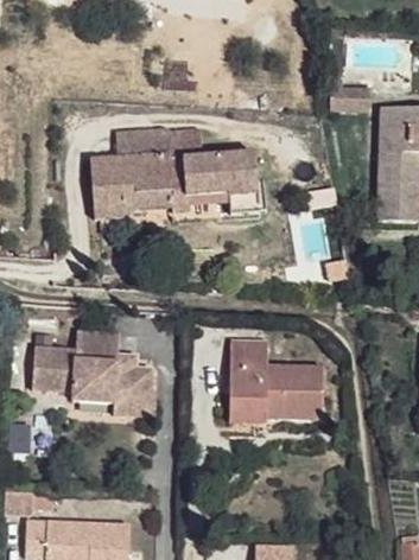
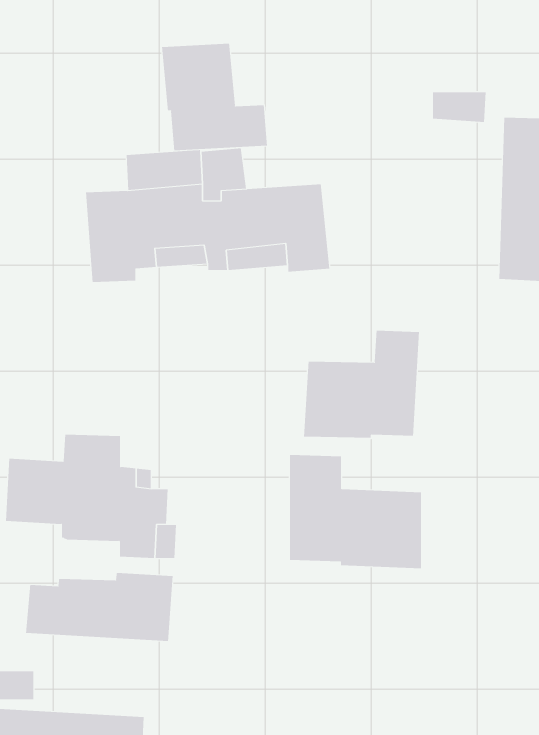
building: none -> [162,43,268,151]
building: none -> [304,330,420,439]
building: none -> [25,572,173,642]

